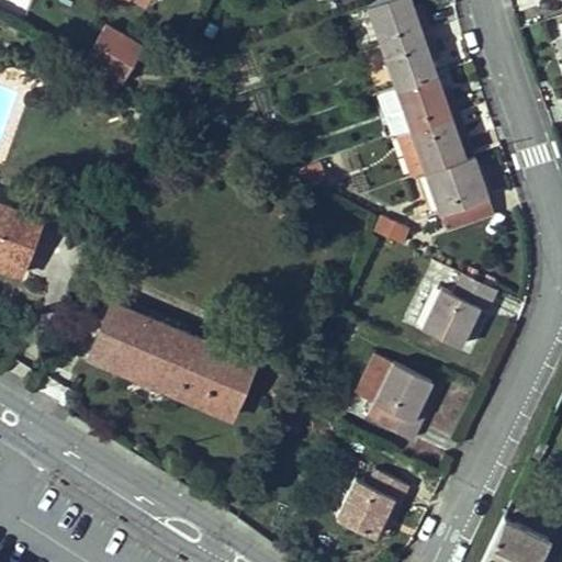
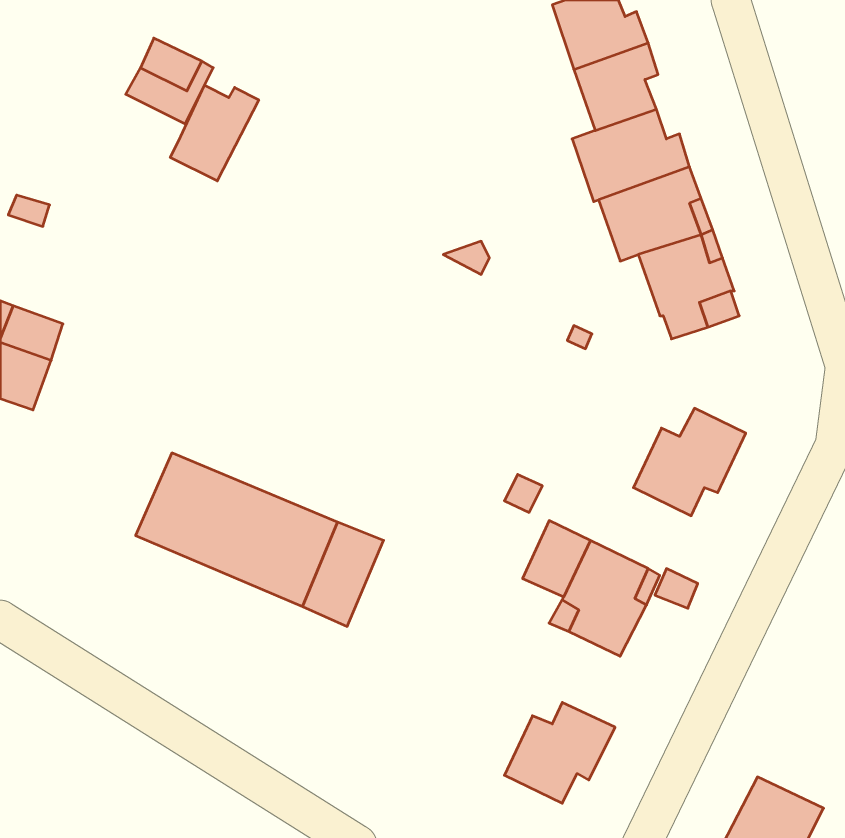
building: none -> [170,85,259,181]

